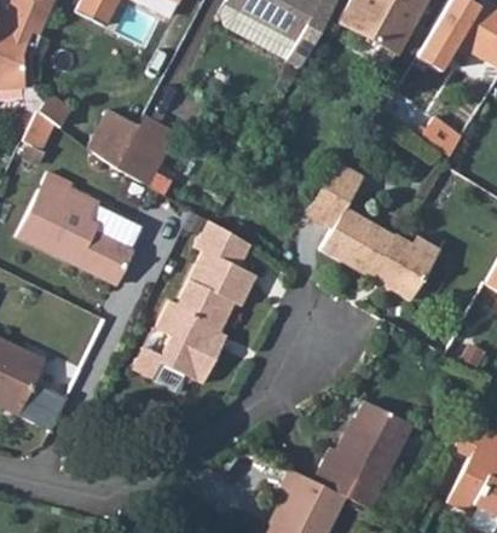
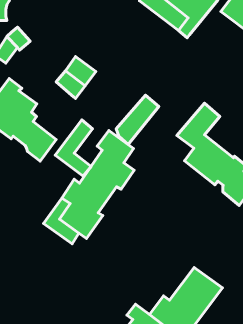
building: [92,108,141,164] -> none
building: none -> [116,95,159,144]
building: none -> [55,120,93,176]

